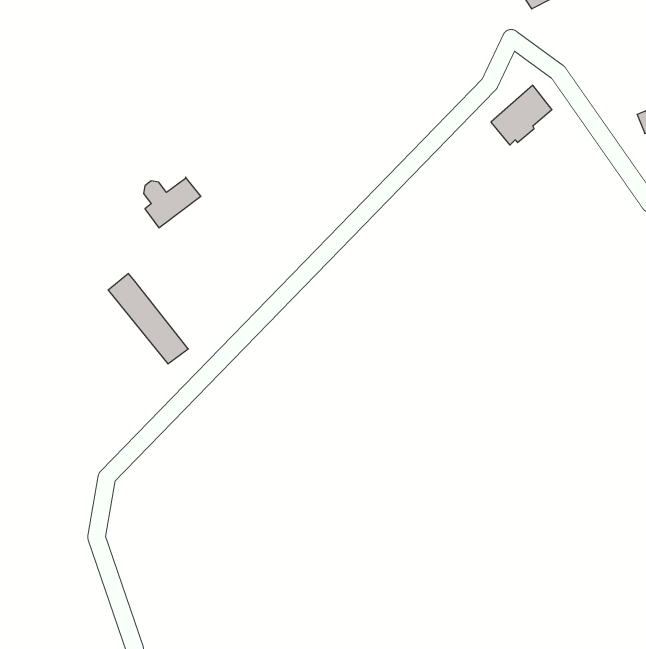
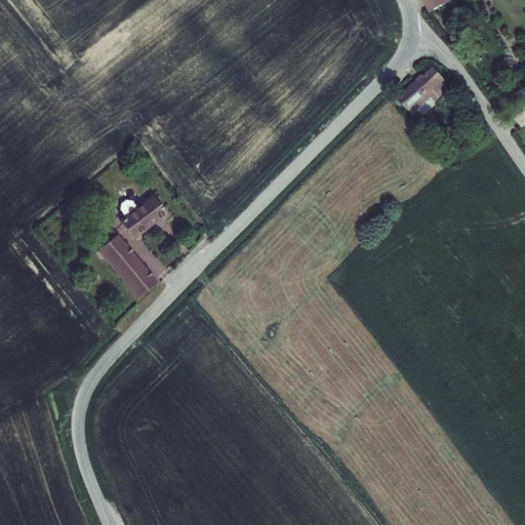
building: [144,177,201,228] -> [120,194,166,235]

